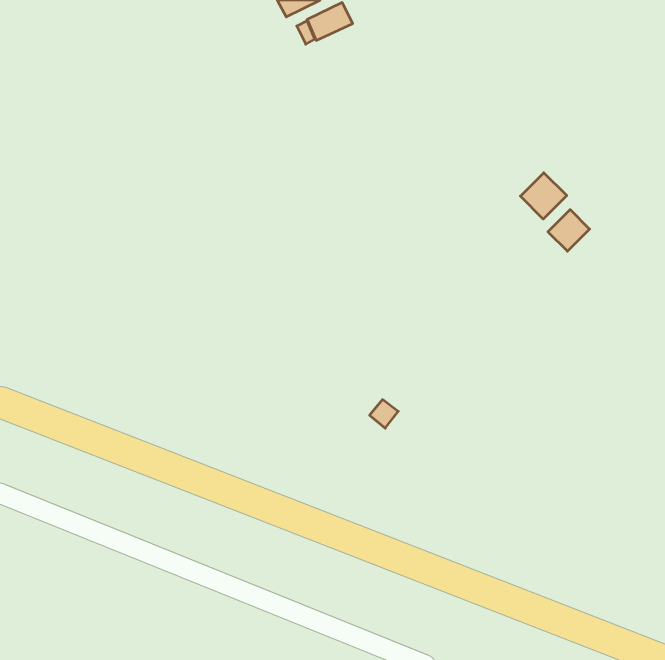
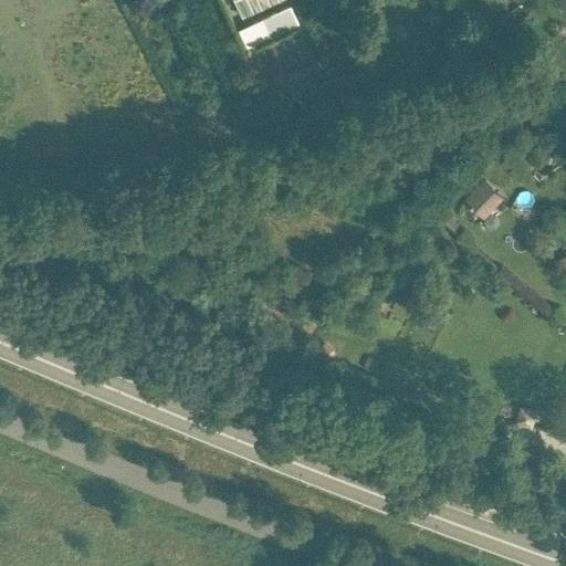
building: [520,173,567,219] -> none

